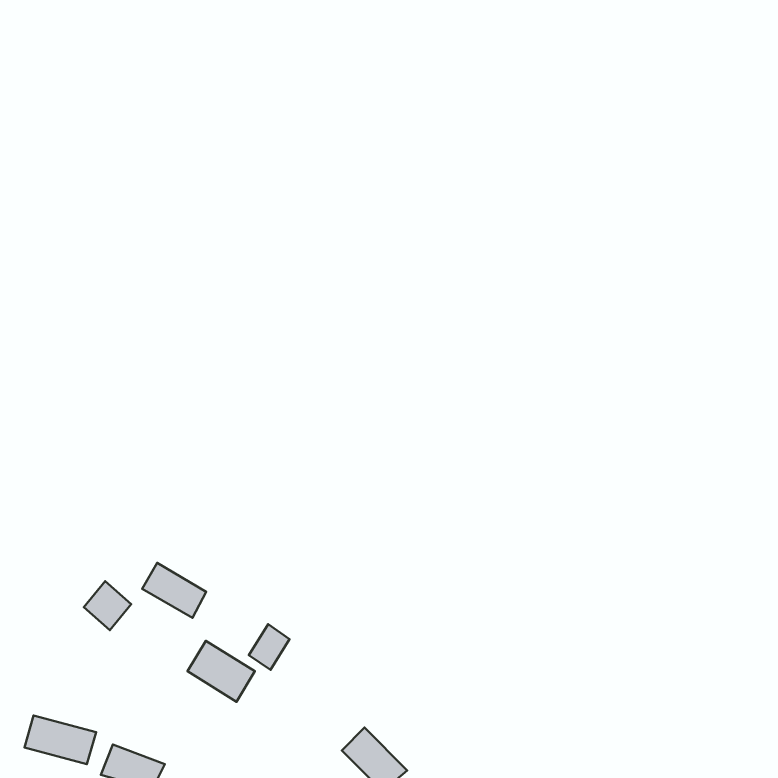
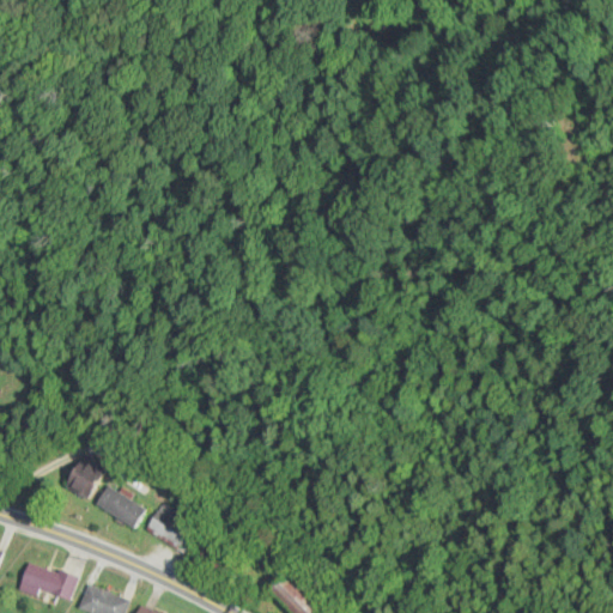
building: [142,563,206,618] -> [95,486,145,529]
building: [249,624,290,670] -> none

